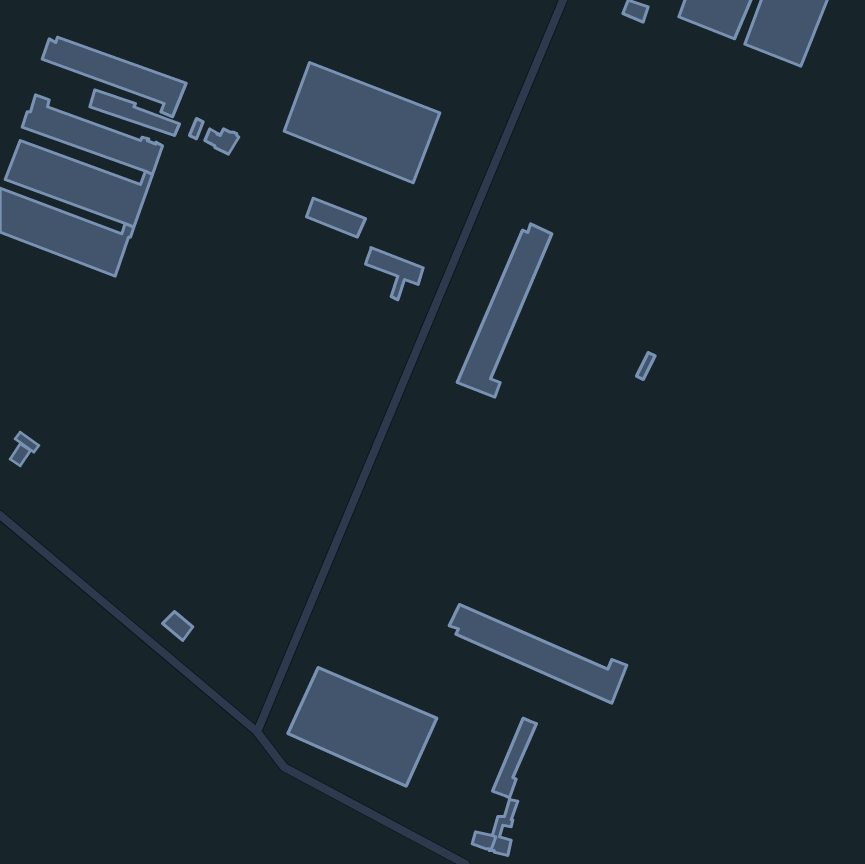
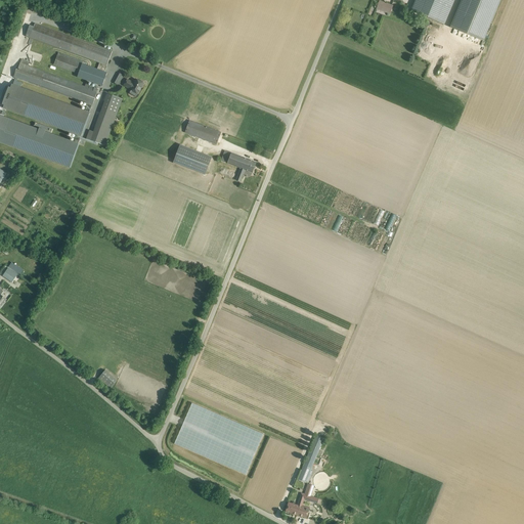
building: [284,62,440,183] -> none
building: none -> [86,92,122,144]
building: [457,224,552,397] -> none
building: none -> [173,143,212,174]
building: [449,604,627,703] -> none

